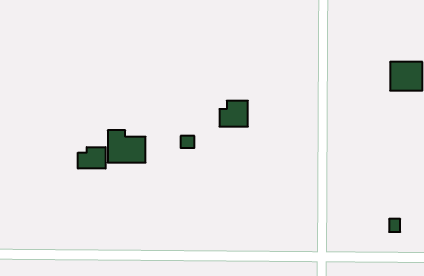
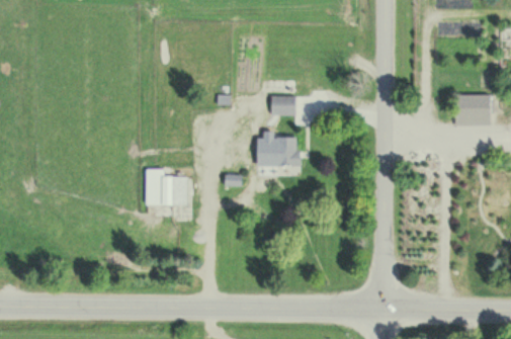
building: none -> [270,96,295,115]
building: [78,147,106,169] -> none

